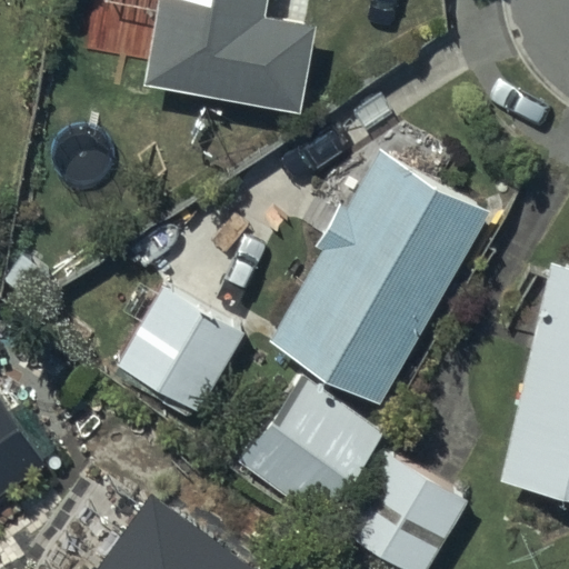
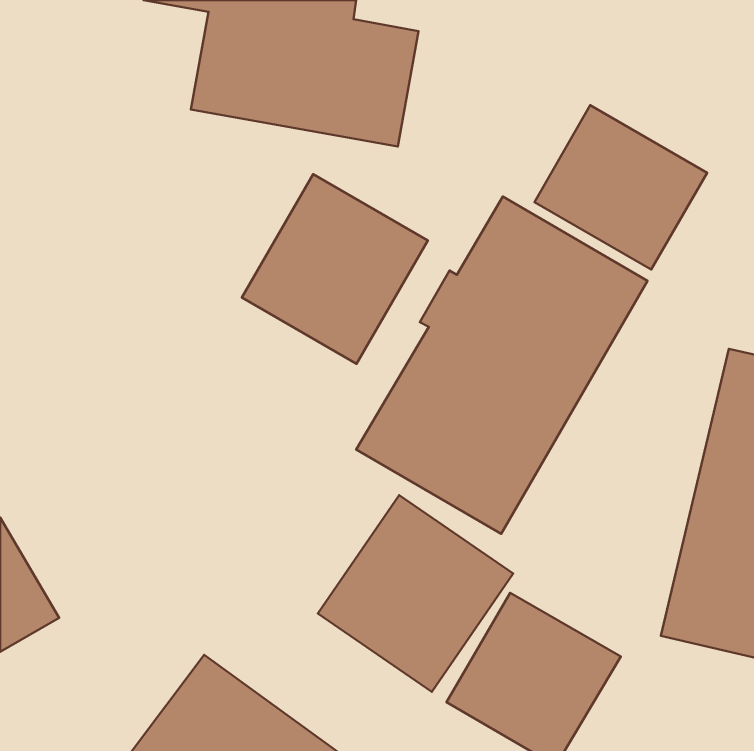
building: none -> [534,105,707,270]
building: none -> [242,174,428,364]
building: [118,287,244,415] -> none

